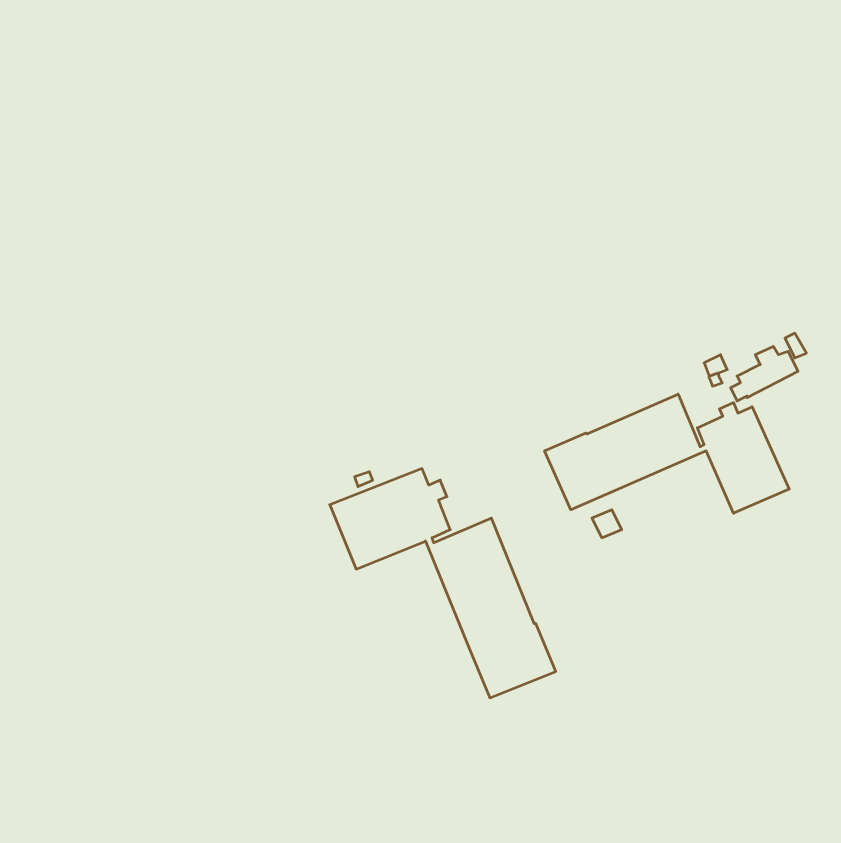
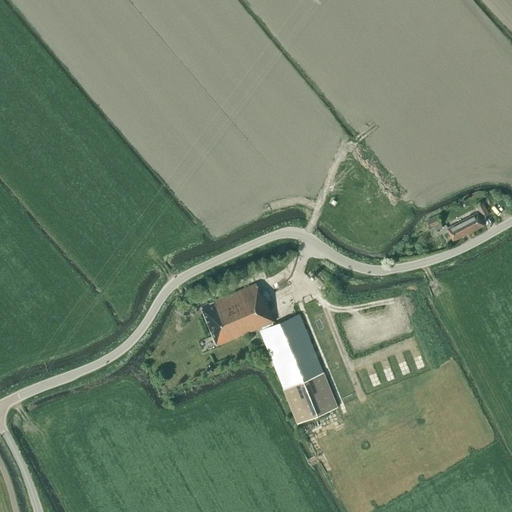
building: [545,394,789,513] -> none

